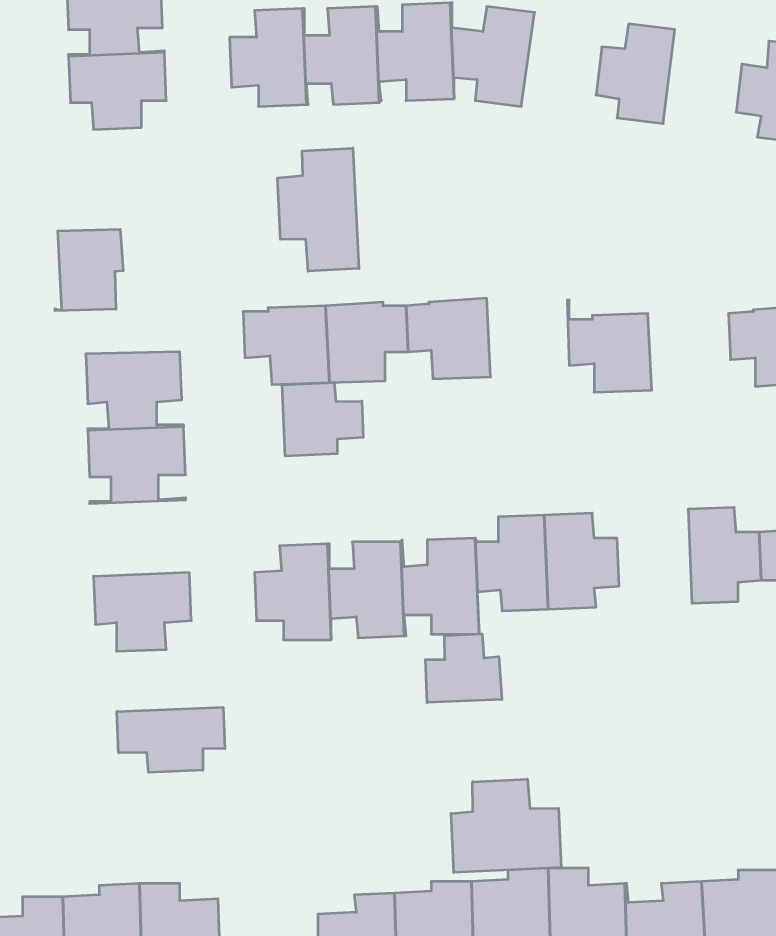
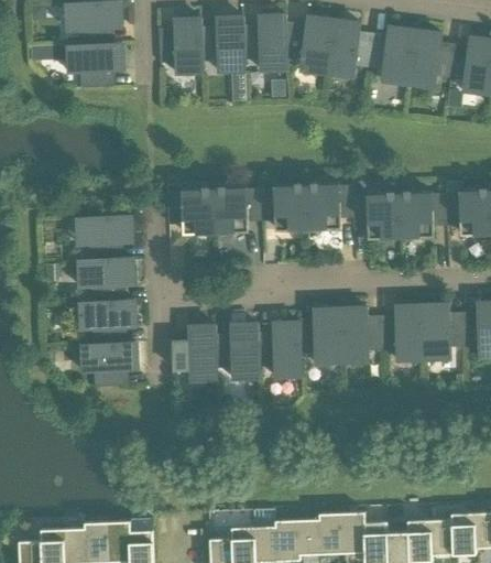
building: none -> [327,20,373,77]
building: none -> [408,30,454,87]
building: [278,148,359,271] -> none
building: [55,229,123,311] -> none
building: none -> [307,183,354,229]
building: none -> [400,192,447,237]
building: [282,382,363,456] -> none
building: none -> [79,300,137,344]
building: none -> [382,305,425,360]
building: [425,634,502,703] -> none
building: [117,707,225,772] -> none
building: [451,779,561,873] -> none

